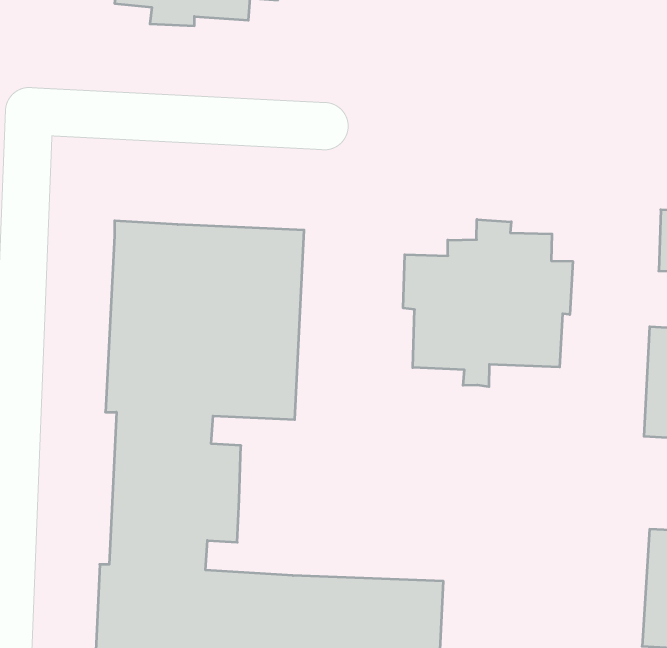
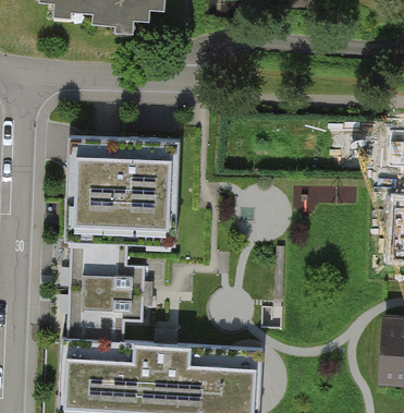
building: [403,219,573,387] -> none

